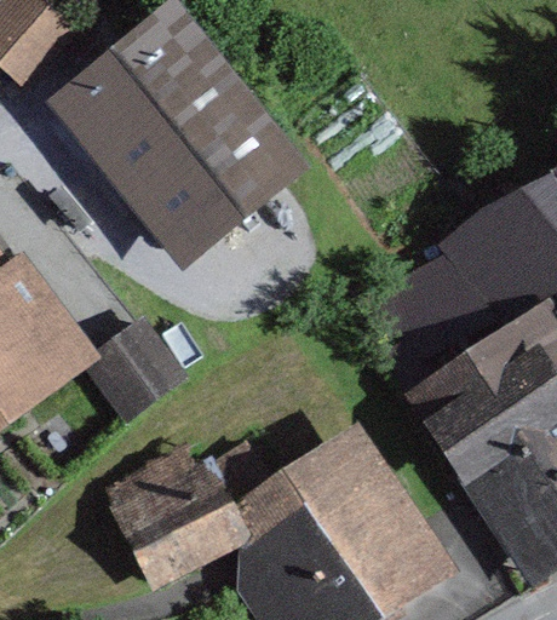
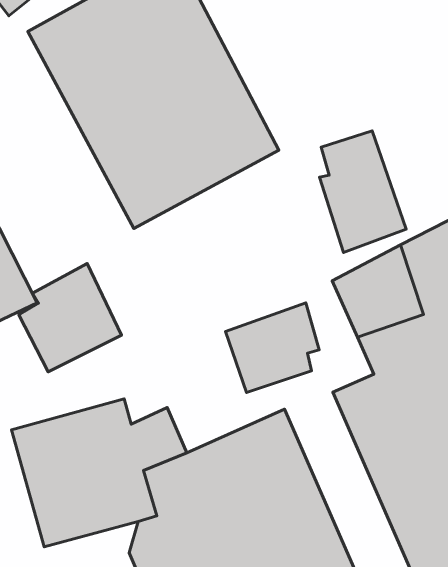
building: none -> [320,131,406,252]
building: none -> [225,303,319,393]

